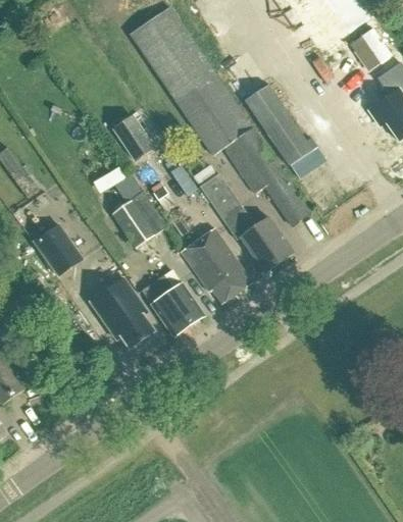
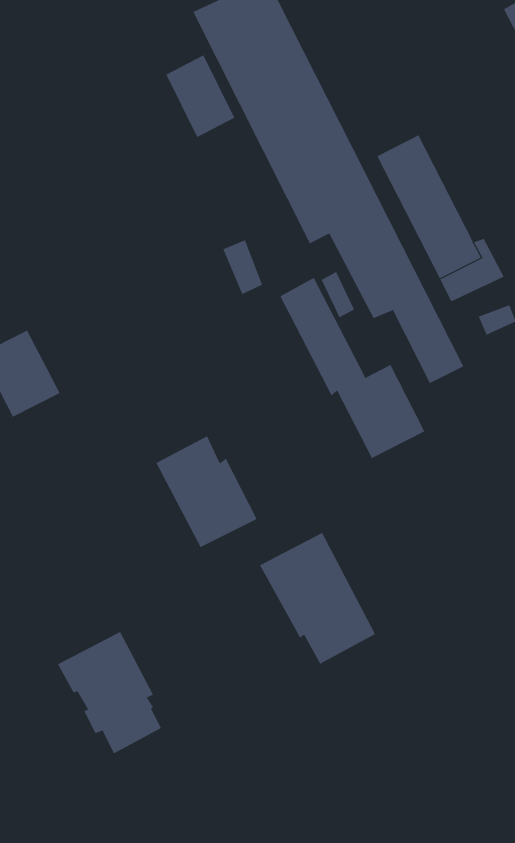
building: [111,111,154,159] -> [165,55,235,138]
building: [111,170,165,247] -> none
building: [180,227,251,303] -> [259,532,376,665]
building: [89,277,153,348] -> [57,631,162,754]

